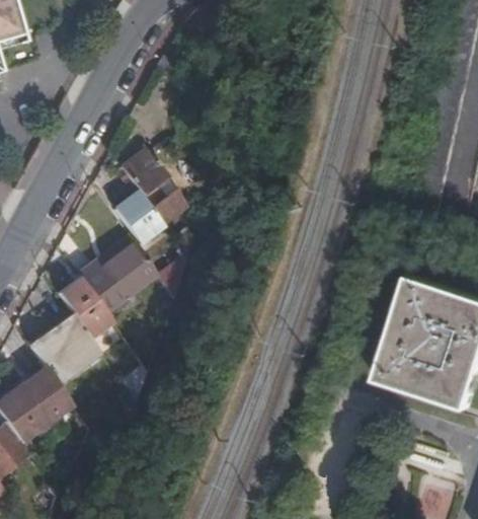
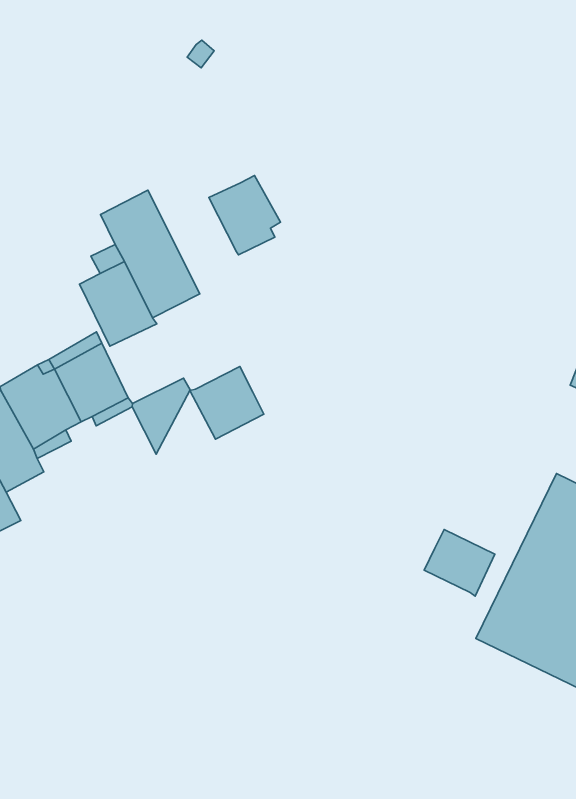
building: none -> [209,175,280,255]
building: none -> [190,367,264,439]
building: none -> [424,530,495,596]

